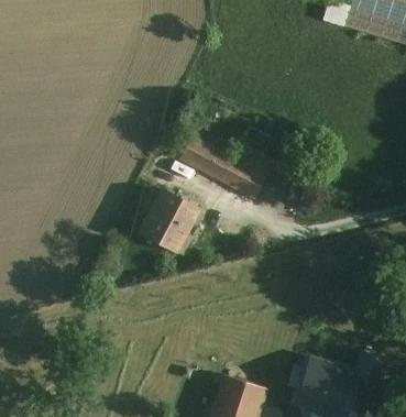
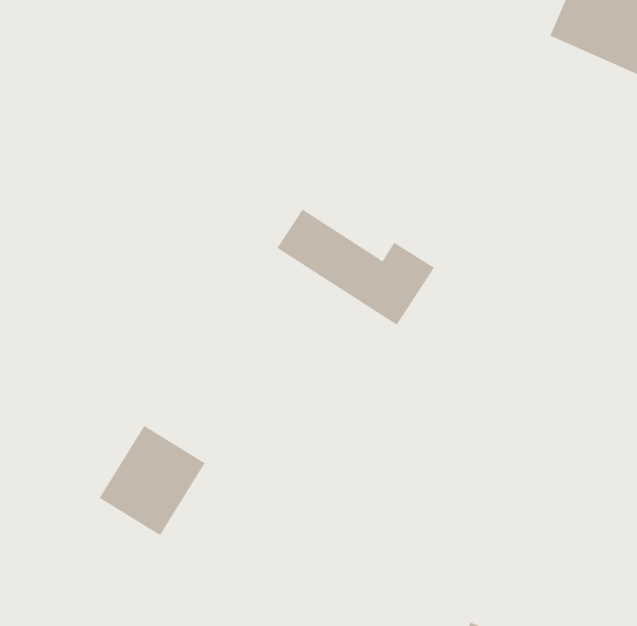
building: [139,189,196,250] -> [99,425,205,536]

